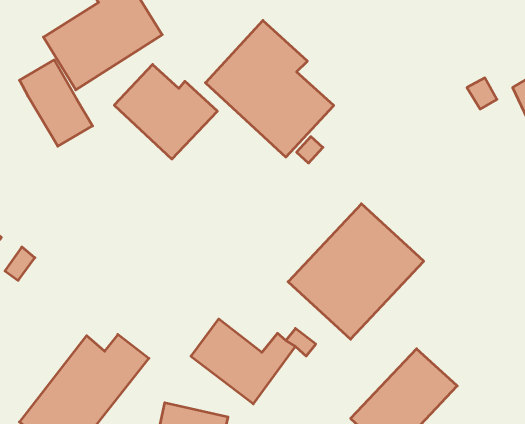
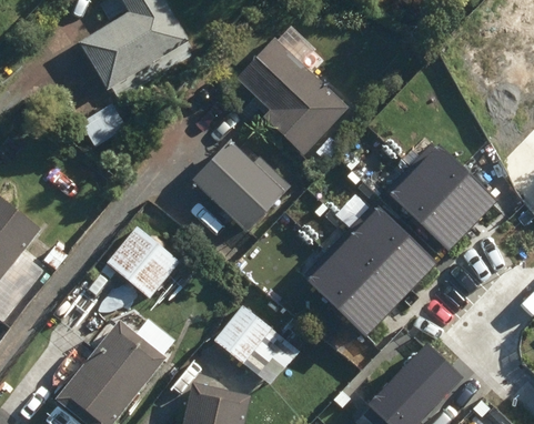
building: [114,64,217,159] -> [193,145,289,233]
building: none -> [386,140,492,243]
building: none -> [107,229,180,300]

